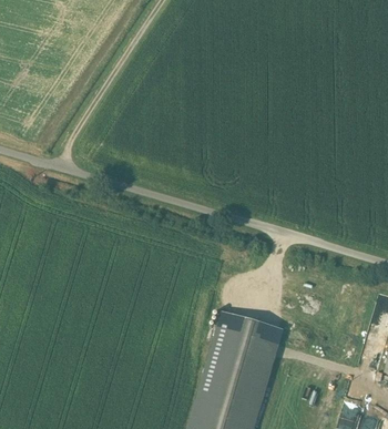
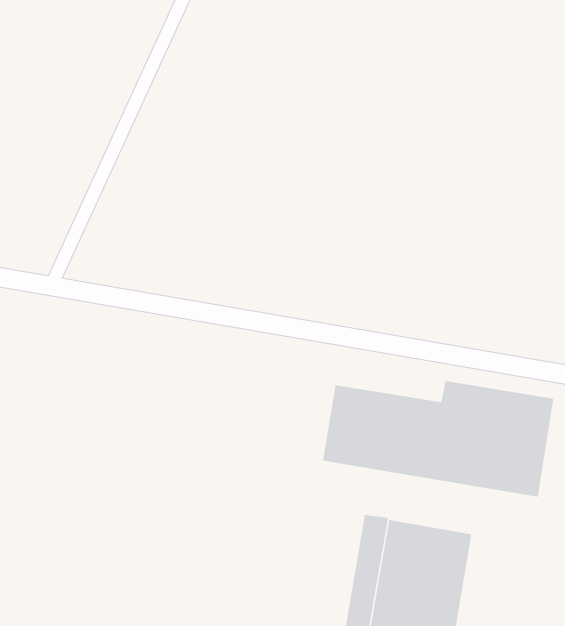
building: none -> [323,379,554,497]

